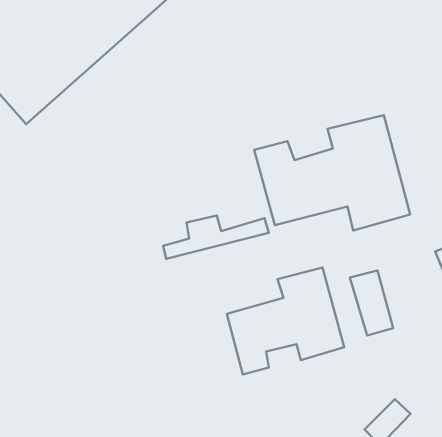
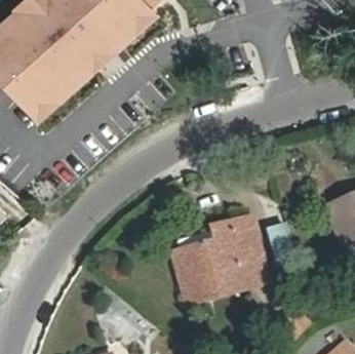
building: [254,115,410,231] -> none
building: [163,215,269,259] -> [190,274,265,305]

